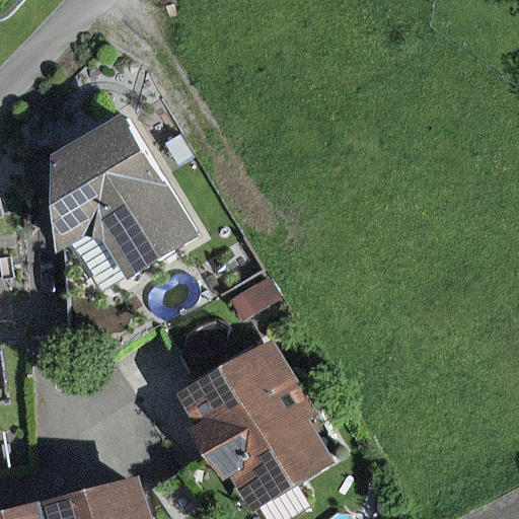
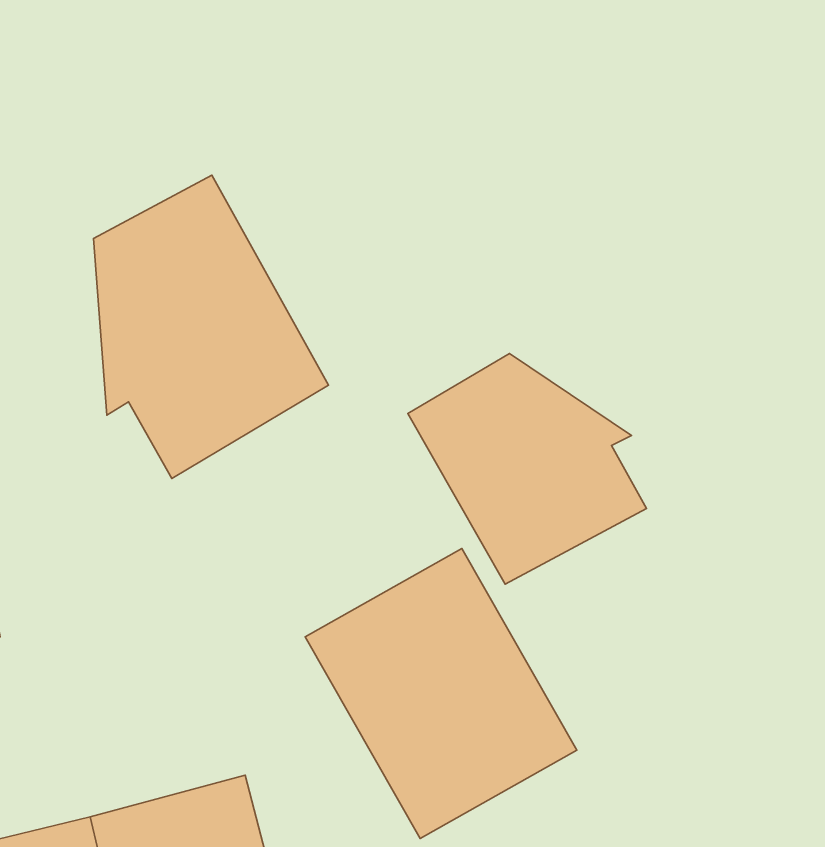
building: none -> [408,353,647,584]

